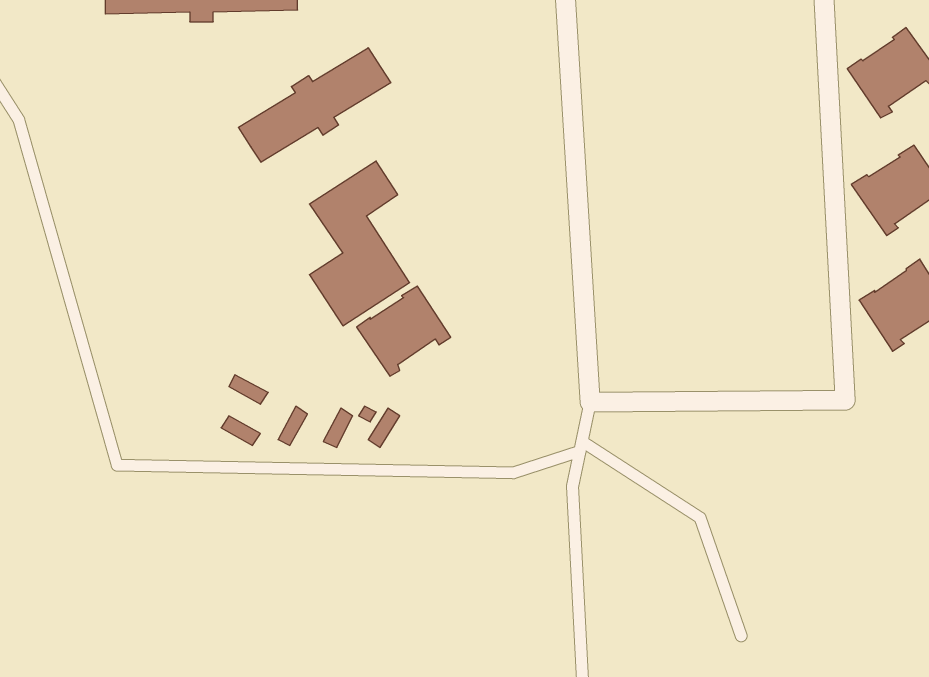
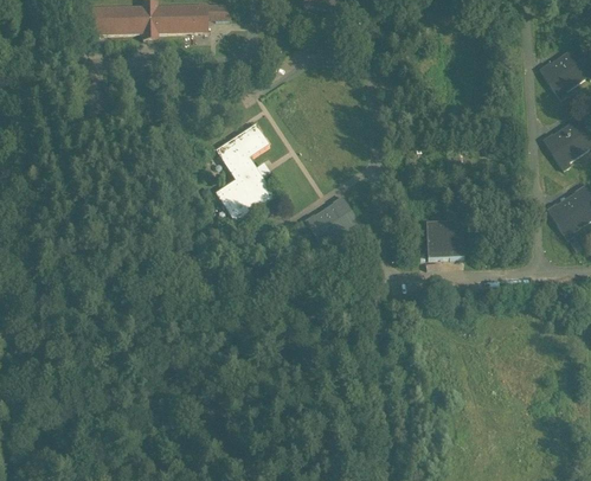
building: [238,48,391,162] -> none
building: [357,286,451,376] -> [306,195,362,250]
building: none -> [424,224,462,261]

